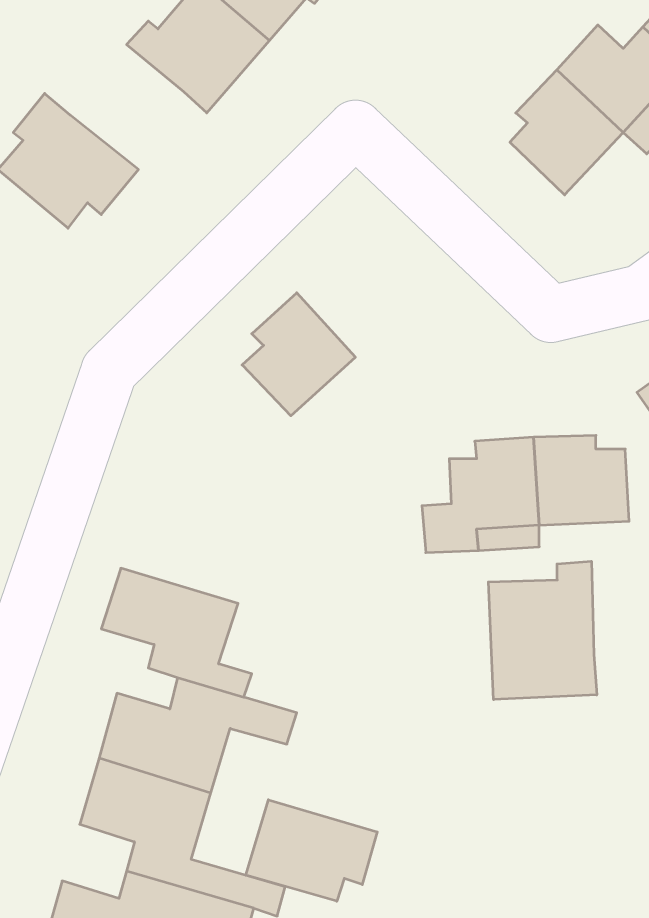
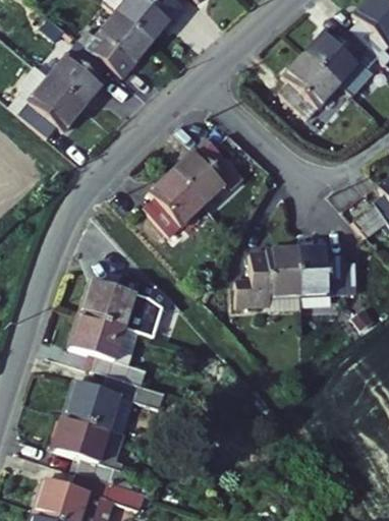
building: none -> [50,42,109,107]
building: none -> [168,140,236,205]
building: none -> [76,275,170,338]
building: [488,561,597,700] -> none
building: [246,800,377,901] -> none

